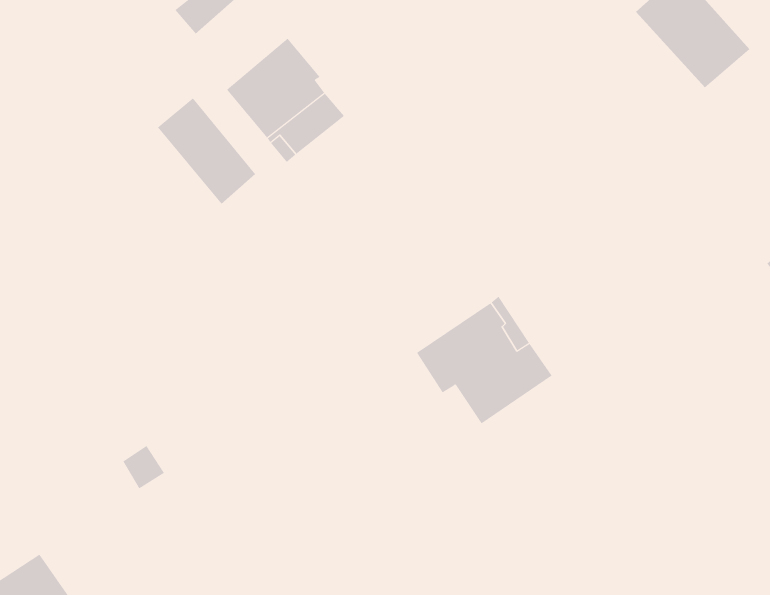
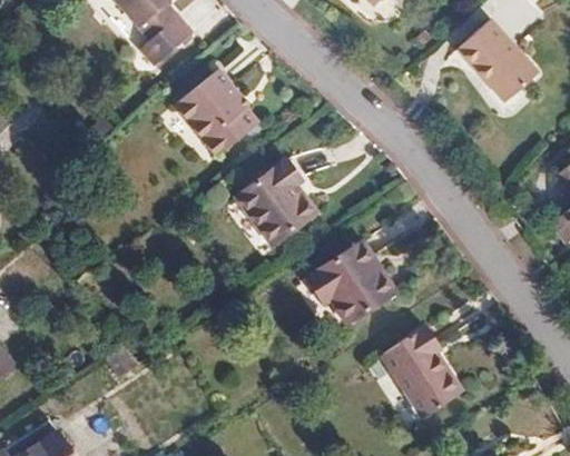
building: [157,97,256,204] -> none
building: none -> [237,158,313,242]
building: none -> [385,325,461,414]

